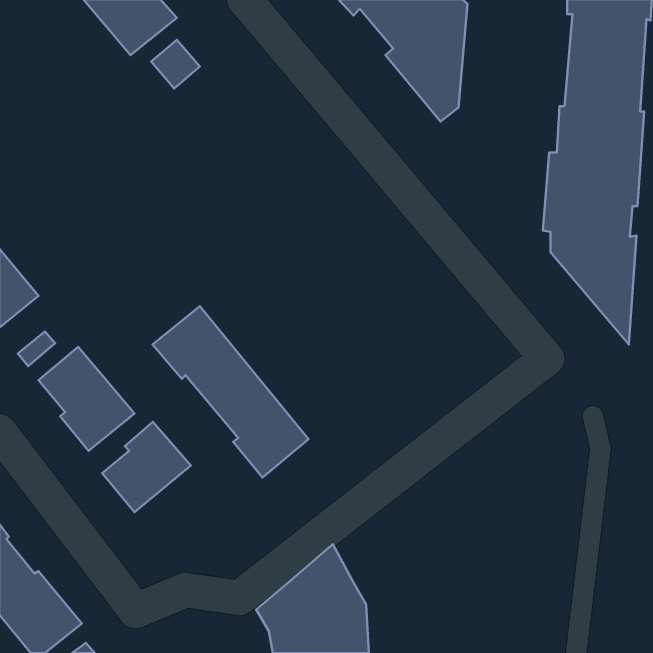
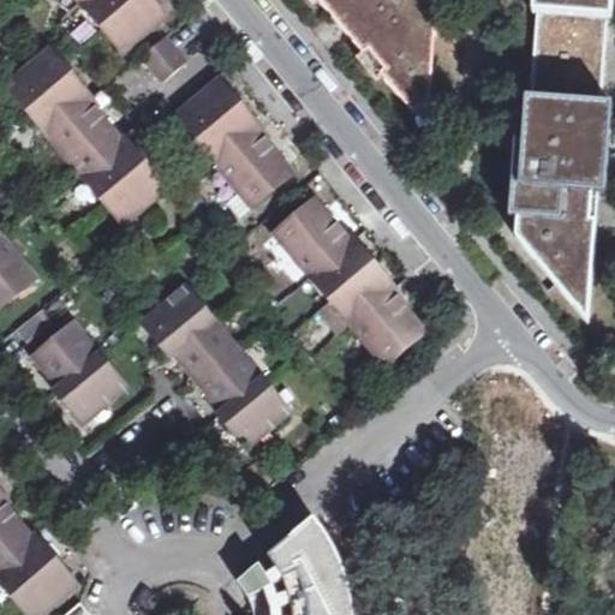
building: none -> [8,50,167,225]
building: none -> [178,80,292,207]
building: none -> [275,201,425,364]
building: [102,422,191,512] -> none

